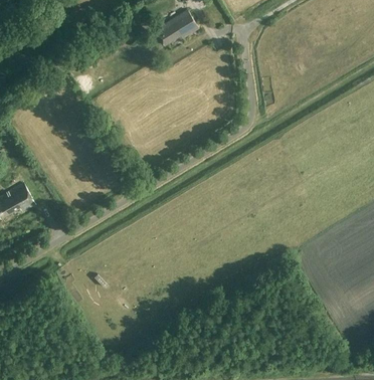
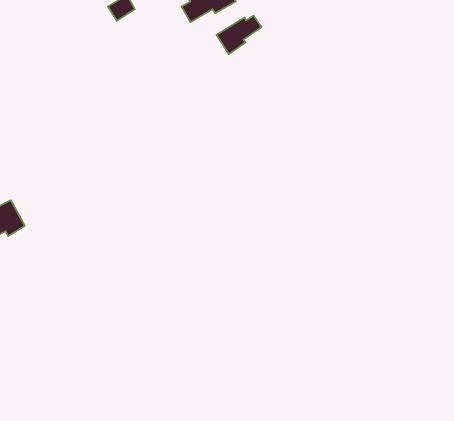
building: none -> [217,16,262,54]

